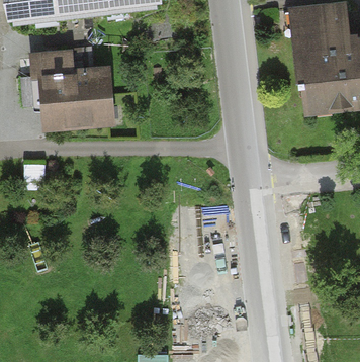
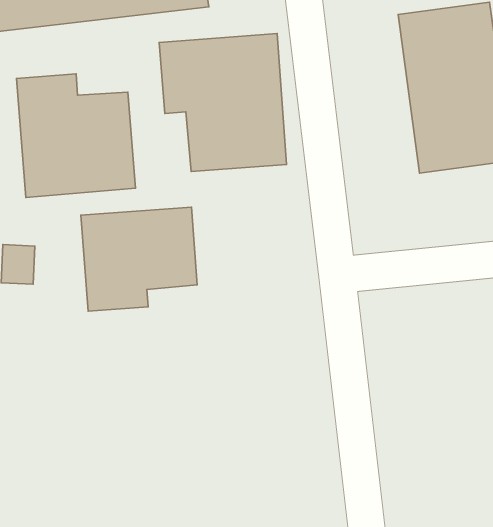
building: none -> [159,33,286,172]
building: none -> [81,207,197,311]

